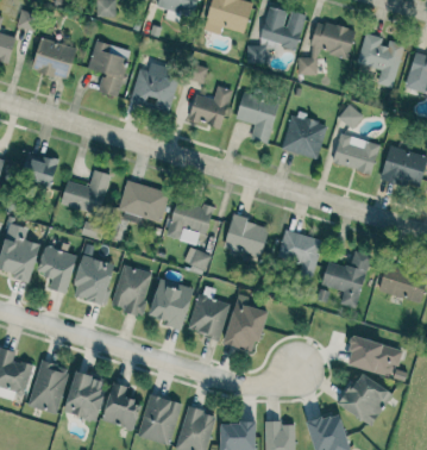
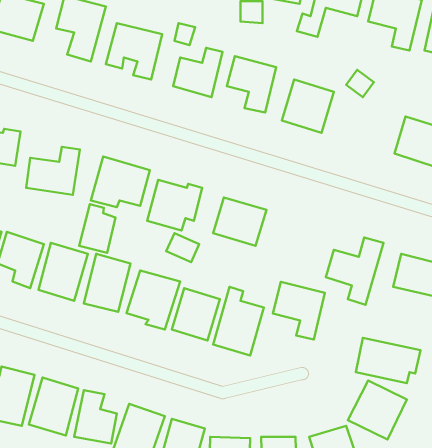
building: [333,133,381,174] -> none
building: none -> [79,204,115,253]
building: [277,230,322,280] -> [273,282,325,340]

